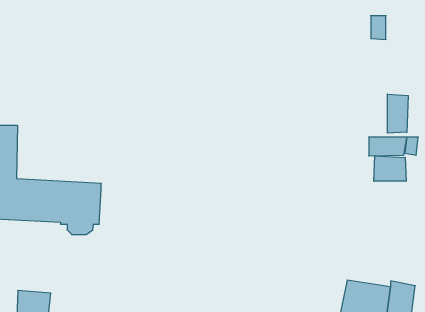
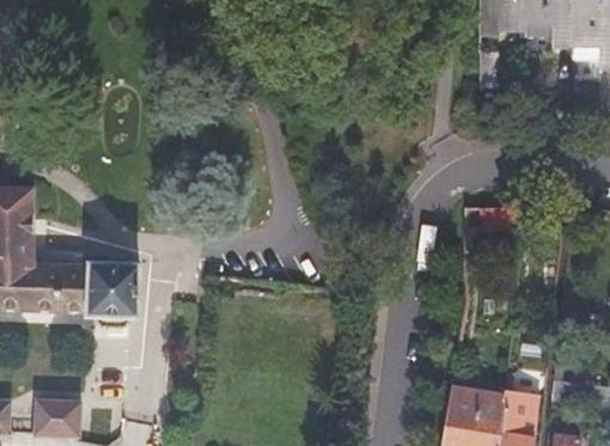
building: [387,94,408,133] -> none
building: [374,156,406,181] -> none

